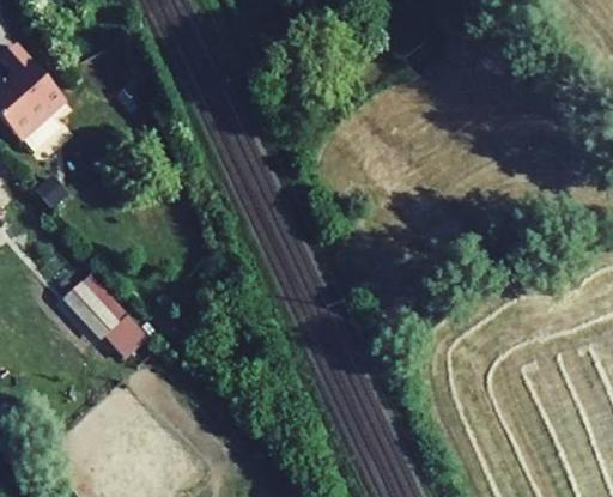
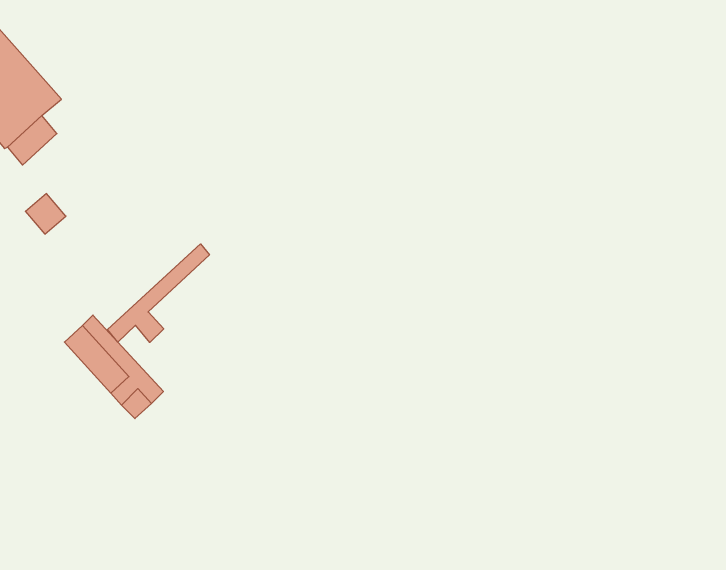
building: none -> [107,244,209,342]

